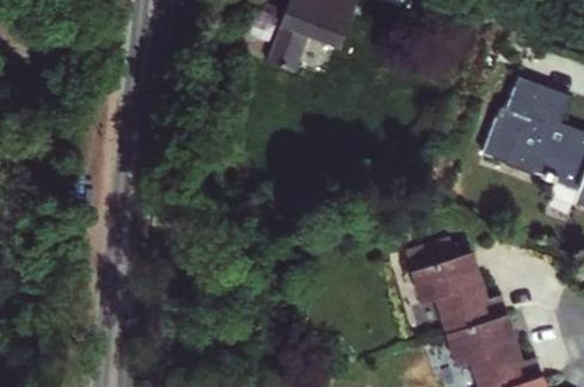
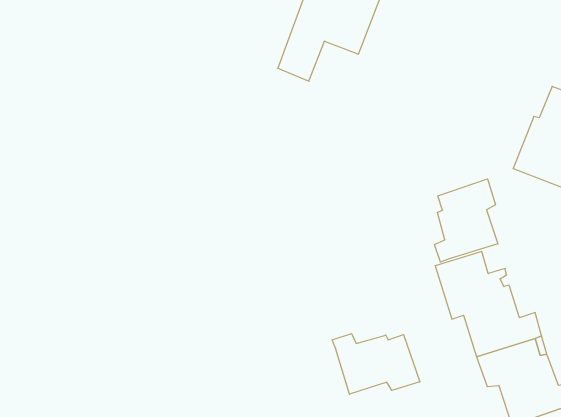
building: none -> [435,179,498,262]
building: none -> [332,334,420,394]

